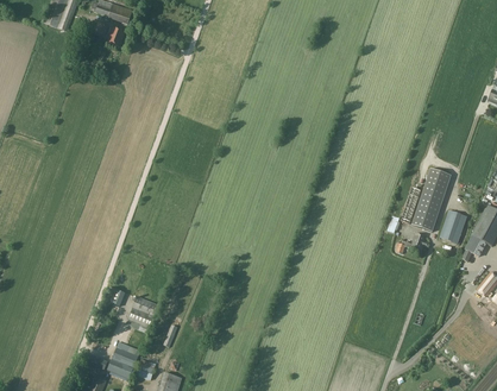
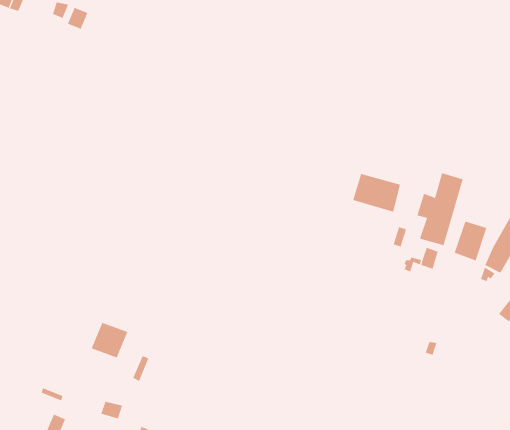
building: none -> [352,173,401,212]
building: [108,346,139,378] -> none

